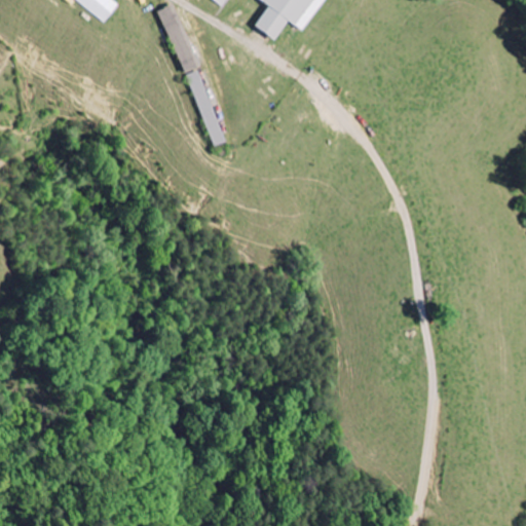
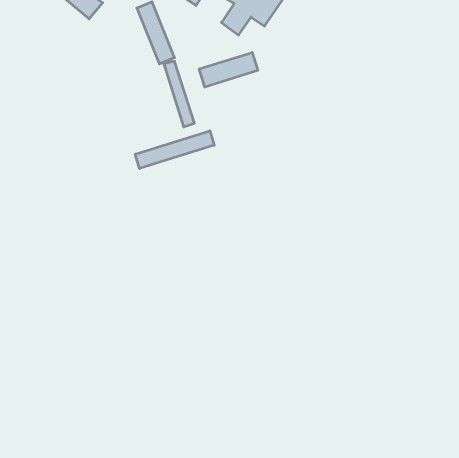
building: none -> [199,52,258,87]
building: none -> [135,131,214,169]

